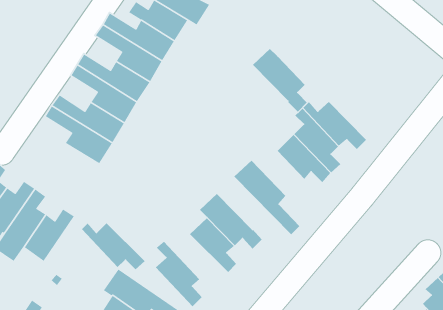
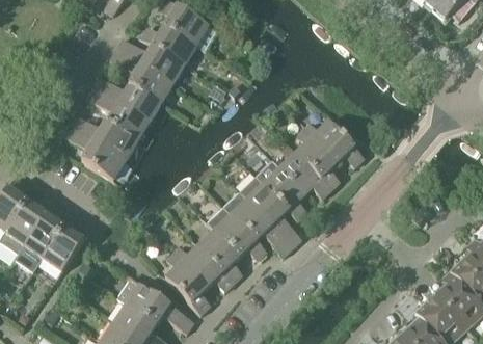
building: [252,48,308,112] -> [257,160,308,220]
building: none -> [224,191,294,255]
building: [81,222,145,270] -> [175,245,235,290]

